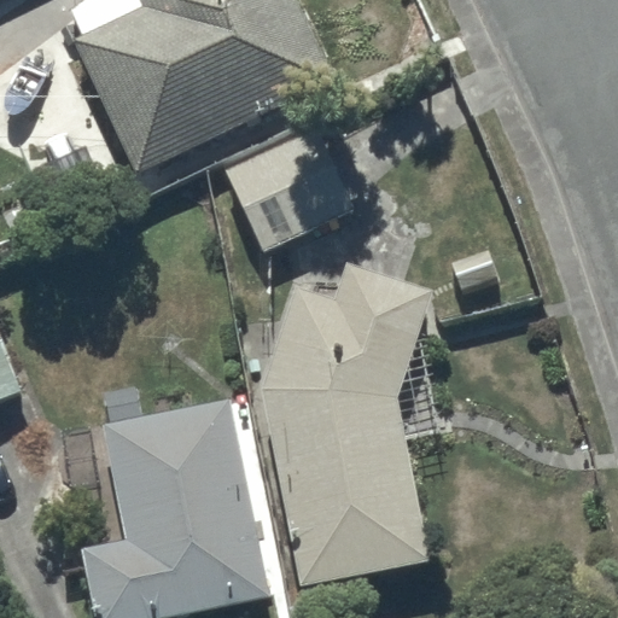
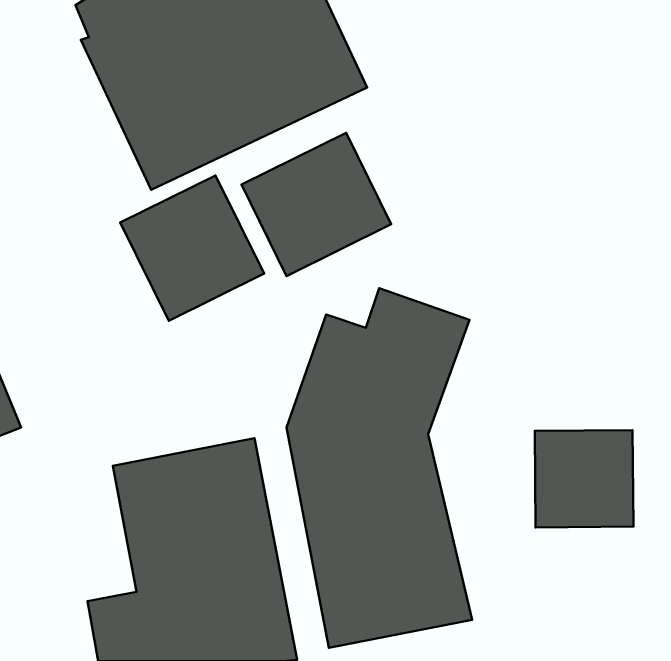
building: none -> [120,175,264,321]
building: none -> [535,430,633,527]

